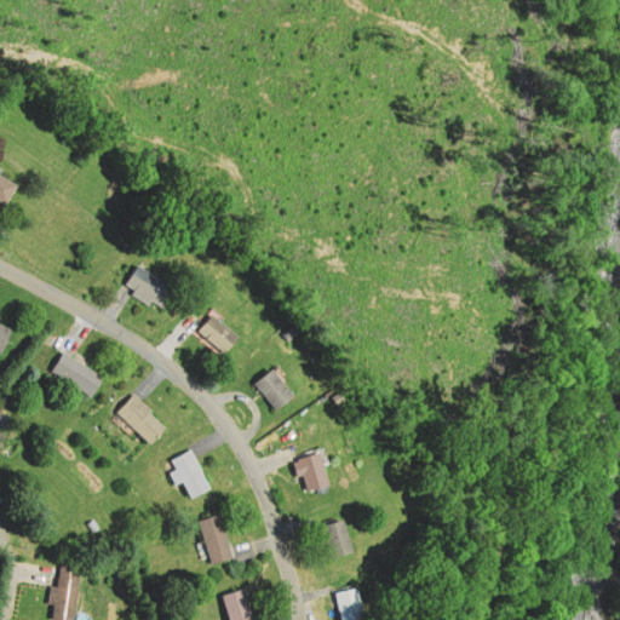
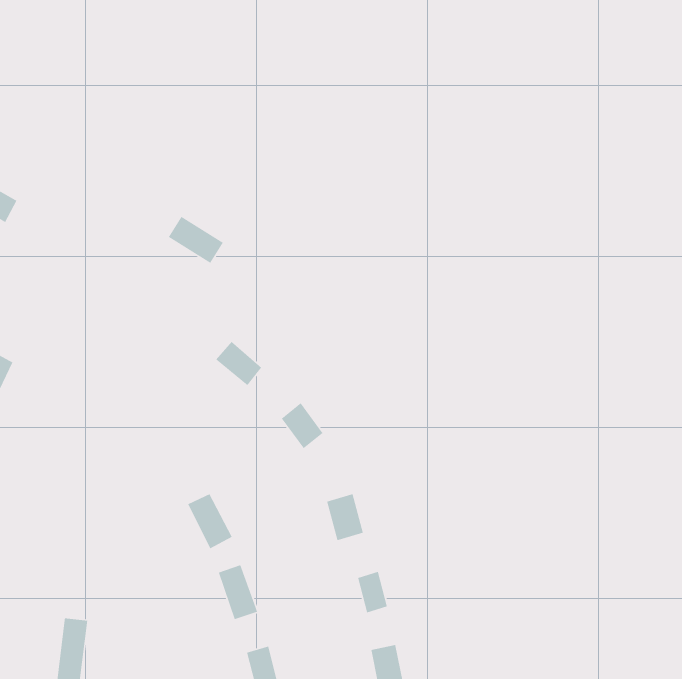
building: [124,264,174,308] -> [168,216,224,264]
building: [51,351,104,398] -> none
building: [115,397,165,444] -> none

